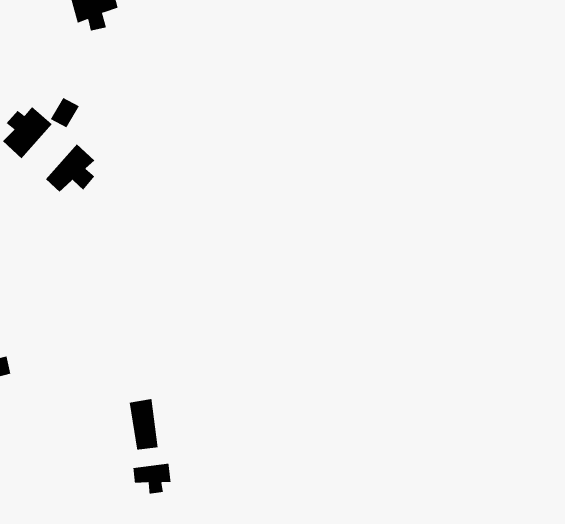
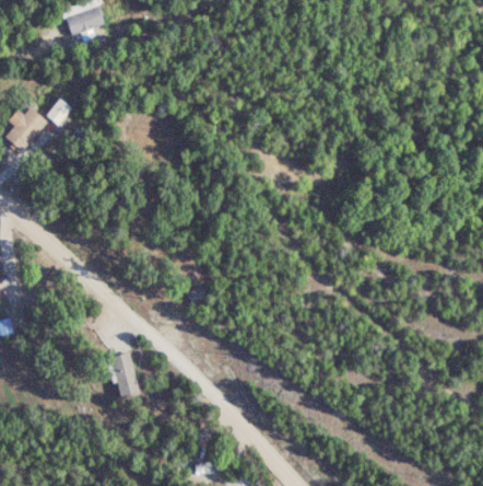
building: [45,144,95,193] -> none
building: [133,463,171,494] -> none

